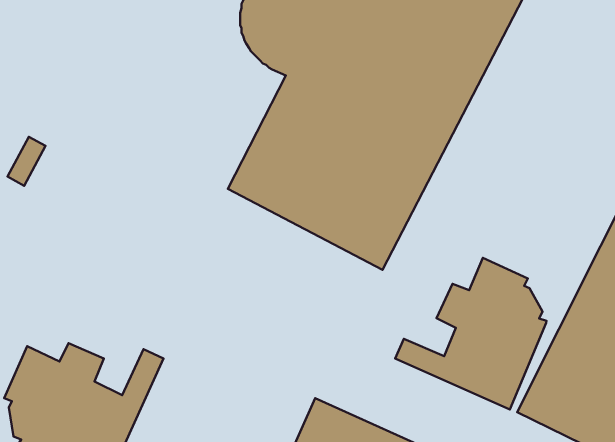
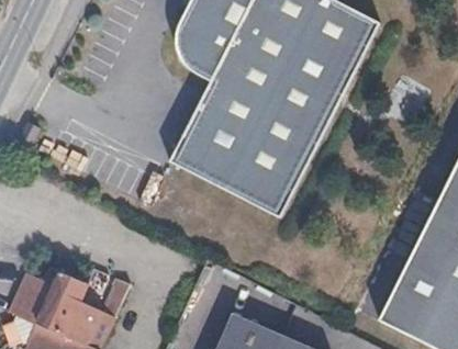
building: [395,258,546,409] -> none

